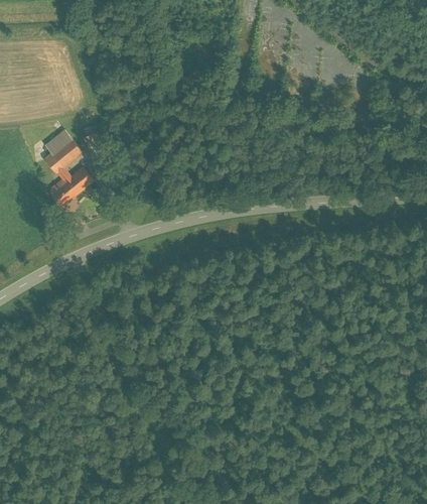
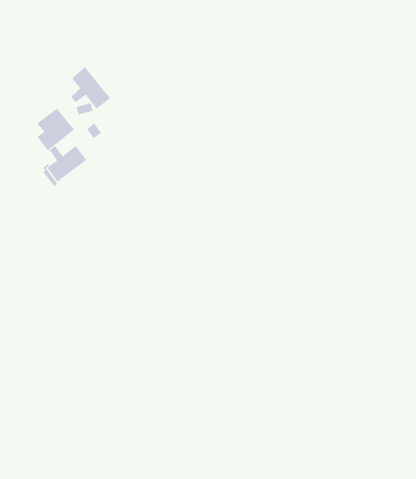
building: none -> [70,66,111,110]

